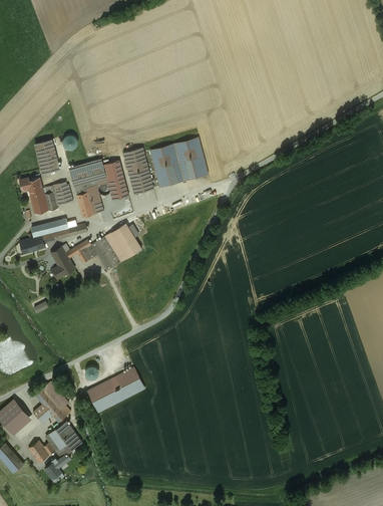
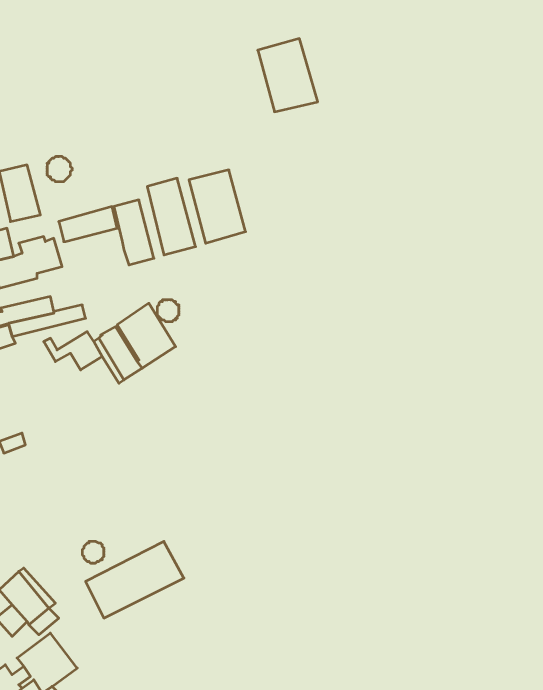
building: [172,136,209,180] -> [258,39,318,112]
building: [74,178,106,217] -> none
building: [50,246,74,278] -> none

